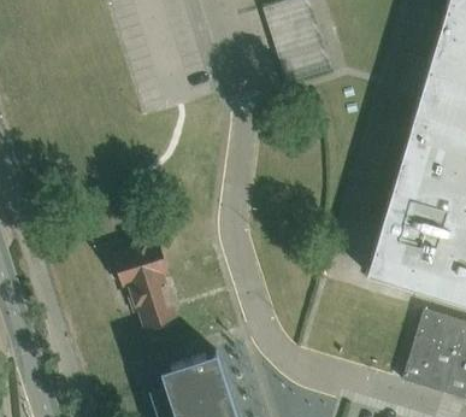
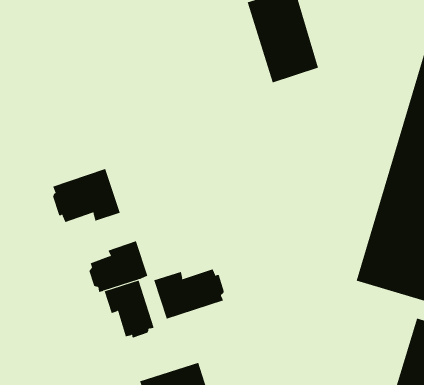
building: none -> [52,168,121,223]
building: none -> [154,268,224,320]

